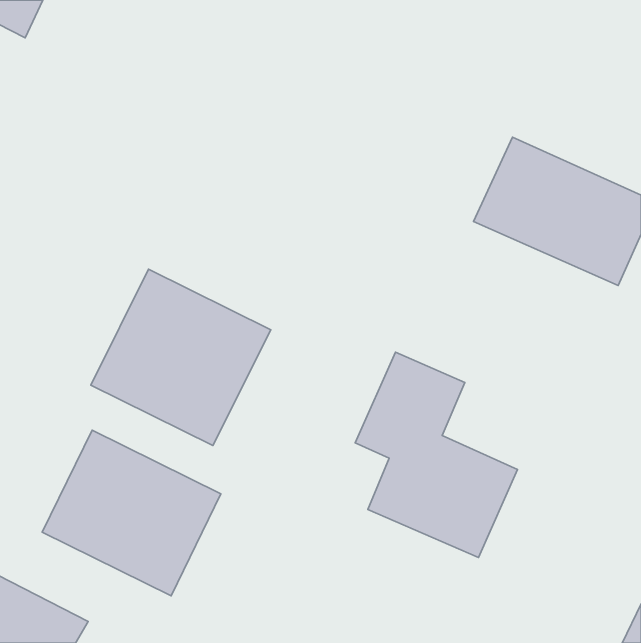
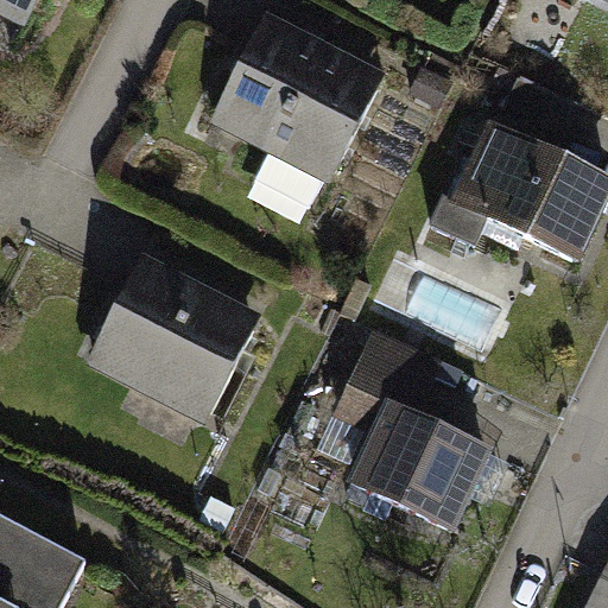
building: none -> [210,13,381,182]
building: [42,430,221,596] -> none

